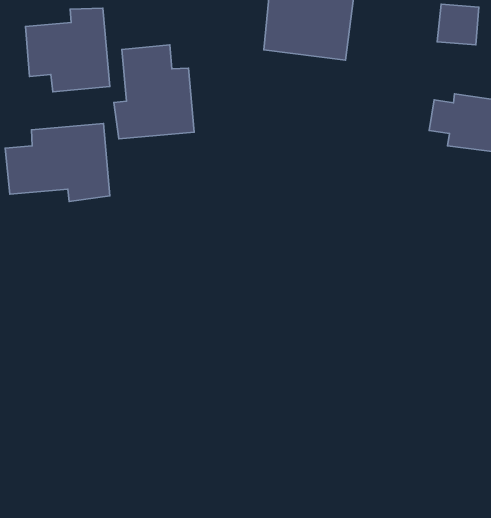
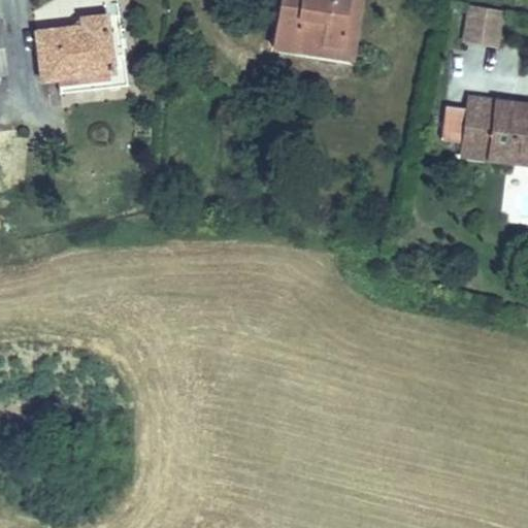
building: [114,45,194,139] -> none
building: [5,123,110,201] -> none

